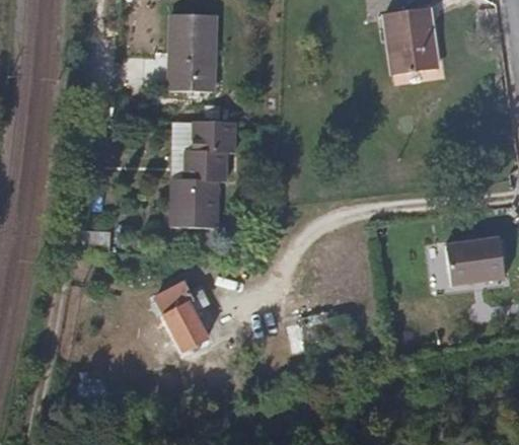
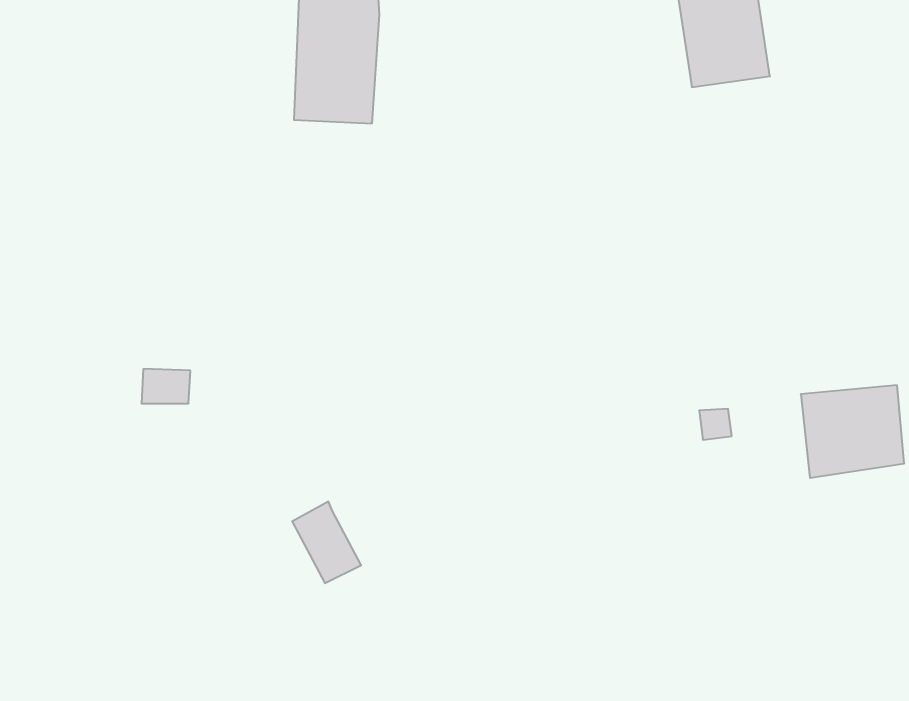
building: [170,121,233,227] -> none
building: [157,283,207,315] -> none

